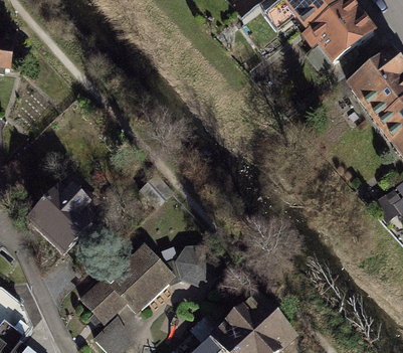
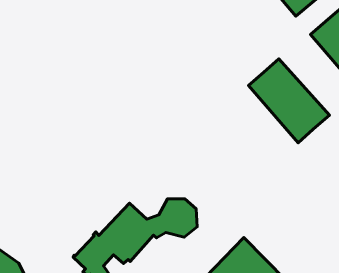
building: none -> [249,59,329,143]
building: [24,182,94,255] -> none

